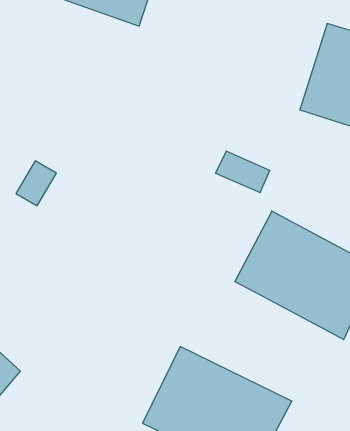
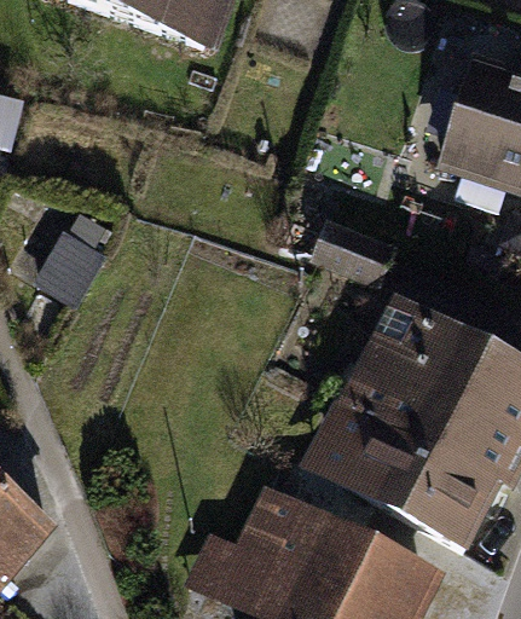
building: none -> [341,417,497,550]

